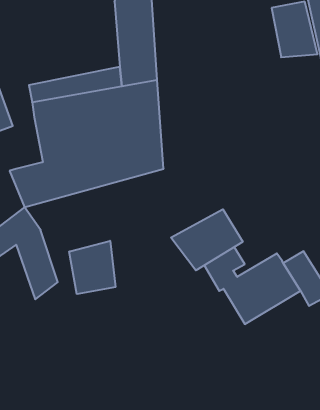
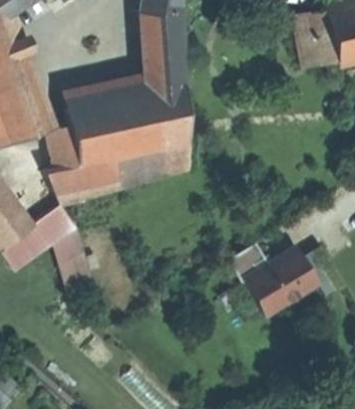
building: none -> [43,121,76,169]
building: [171,209,243,270] -> none
building: [69,241,115,294] -> none

